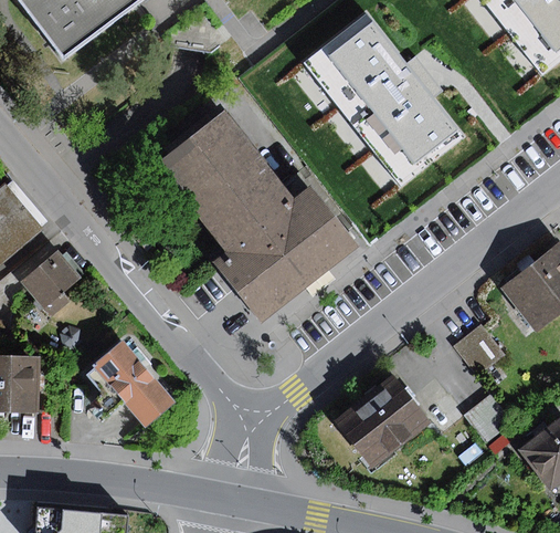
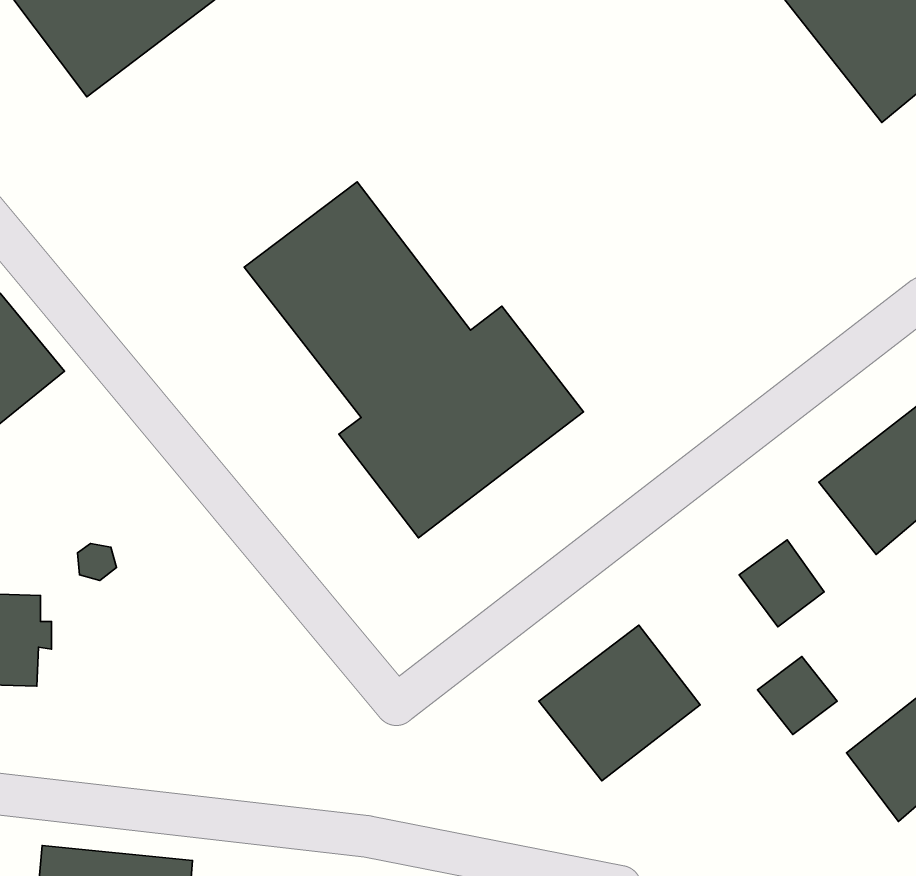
building: [298,6,467,188] -> none
building: [22,248,85,315] -> none
building: [88,341,178,429] -> none

